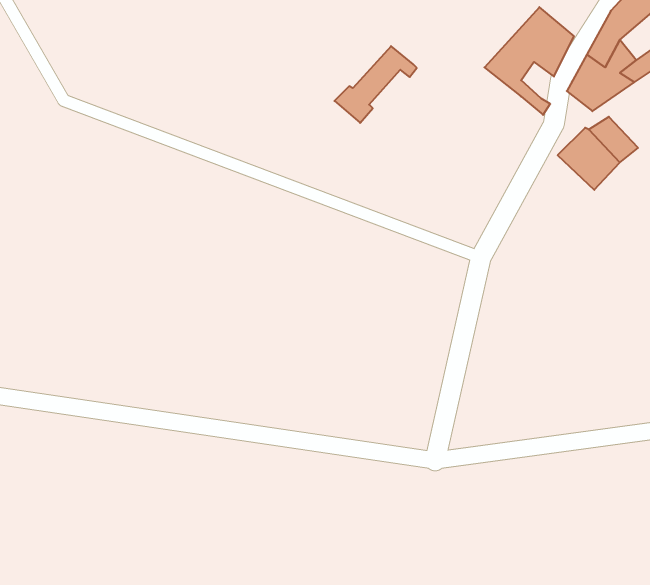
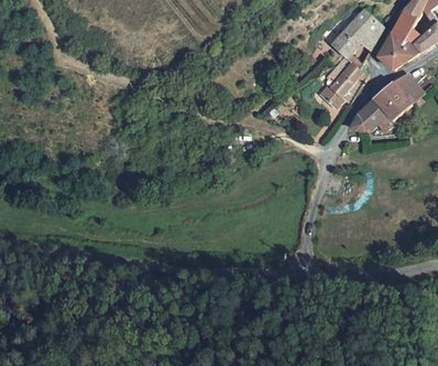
building: [334,46,417,123] -> [317,62,366,108]
building: none -> [348,100,398,131]

